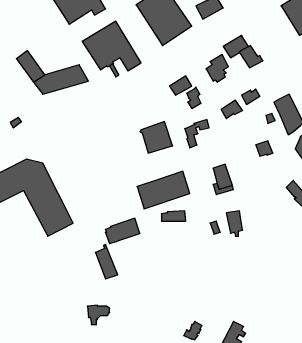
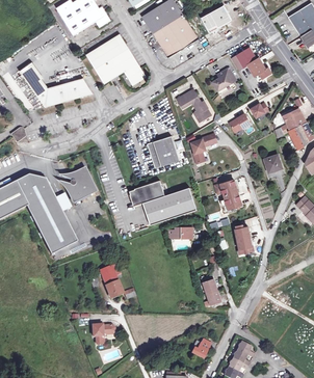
building: none -> [63,167,96,200]
building: [105,218,140,244] -> [129,179,164,205]
building: none -> [201,271,220,305]

